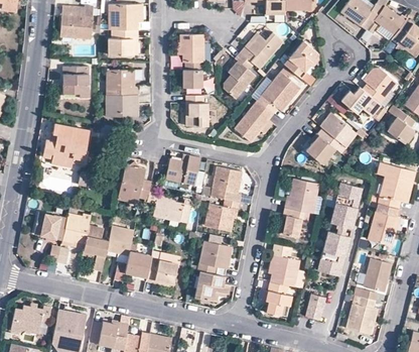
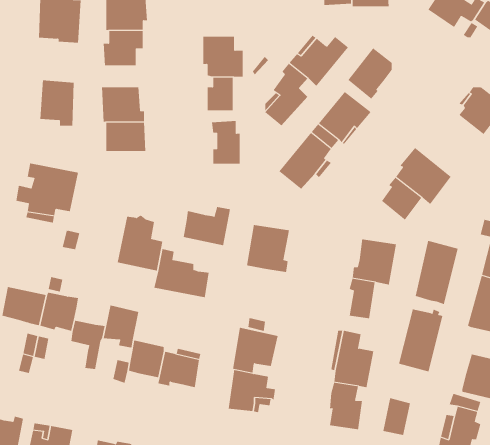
building: [340,86,380,115] -> none
building: [205,200,239,231] -> none

